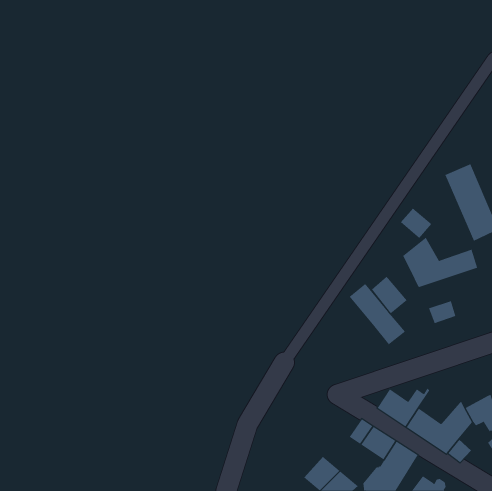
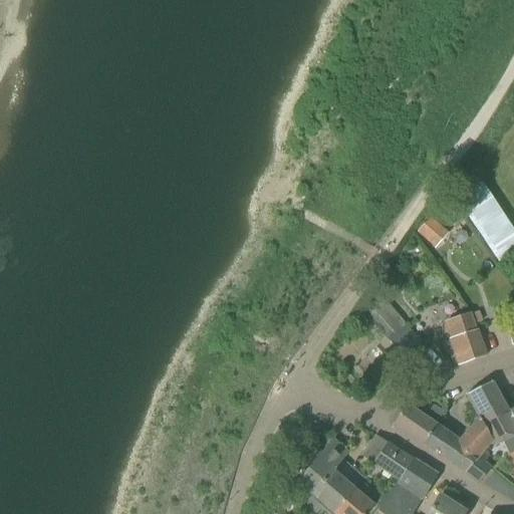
building: [403,237,478,288] -> none
building: [371,276,407,314] -> none
building: none -> [452,328,487,363]
building: none -> [468,379,509,424]
building: none -> [299,440,349,496]

